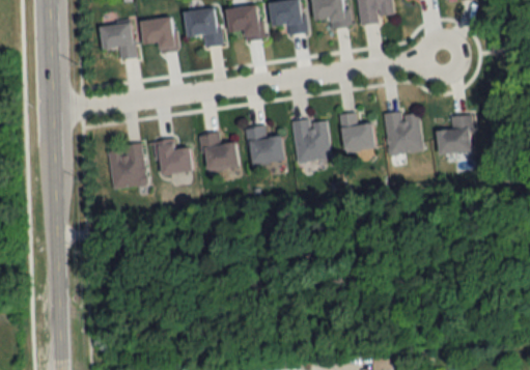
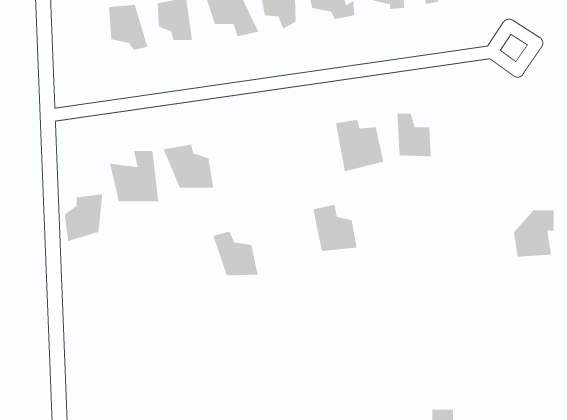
building: [387,108,422,153] -> none
building: [439,113,473,152] -> [513,210,554,257]
building: [244,124,281,164] -> [313,204,358,252]
building: [199,131,238,168] -> [212,231,259,276]
building: none -> [64,194,103,242]

